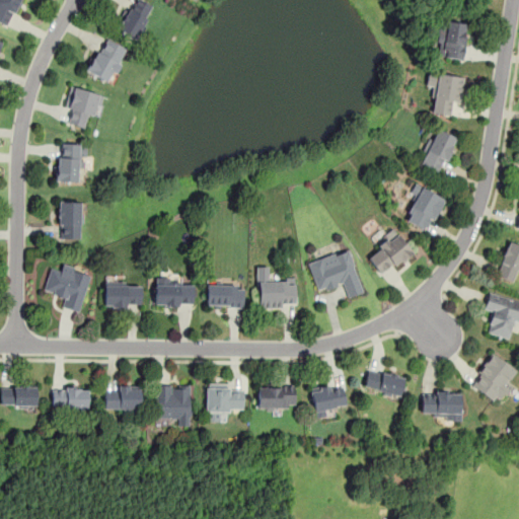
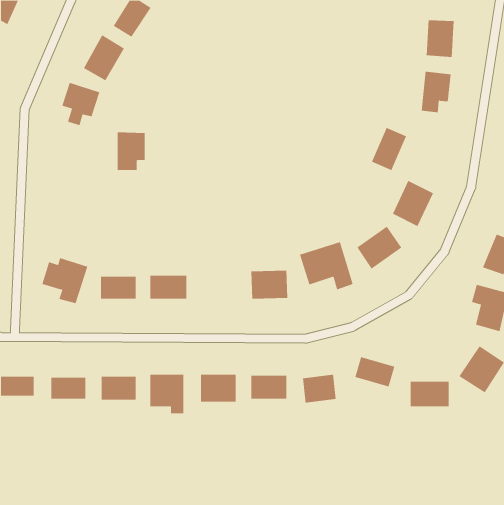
building: [421,128,457,172] -> [371,127,407,171]
building: [58,143,87,182] -> [117,132,146,170]
building: [60,200,83,239] -> none
building: [207,284,244,307] -> none

